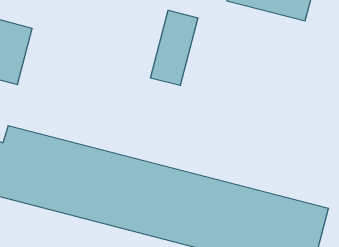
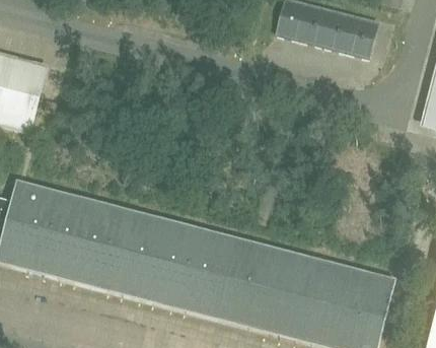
building: [150,10,198,86] -> none

